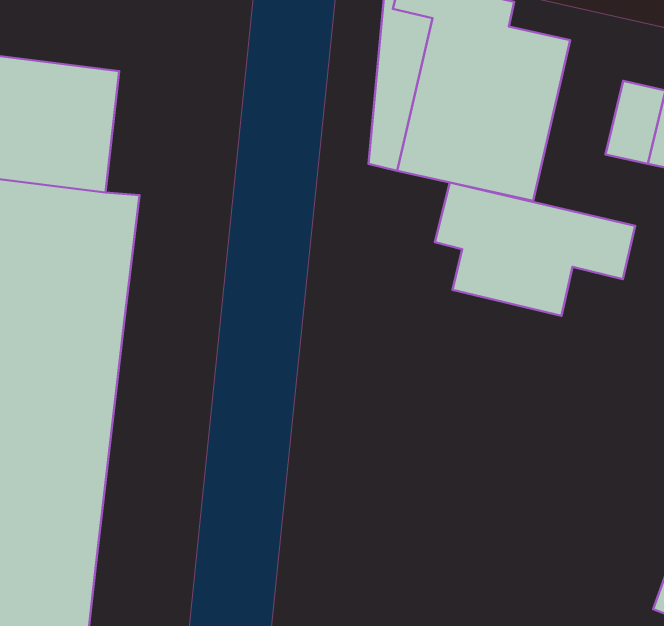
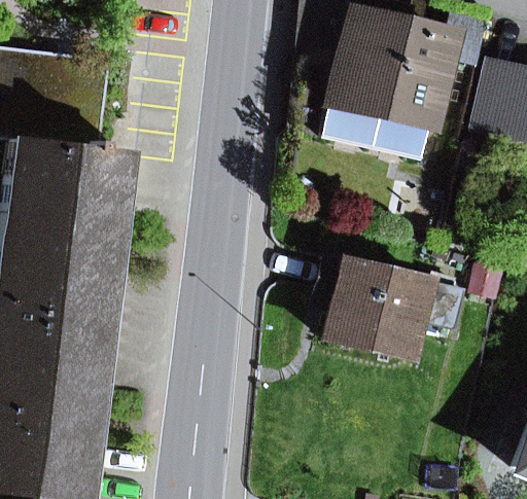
building: [435,182,635,316] -> [315,258,466,359]

